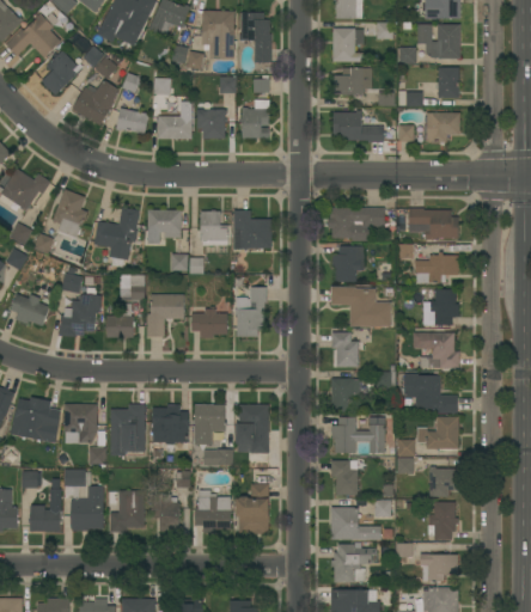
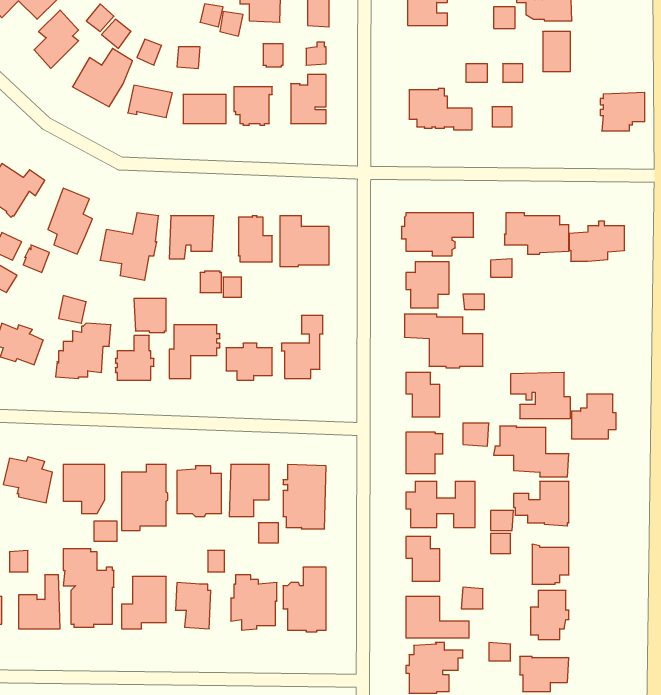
building: [332,68,372,96] -> none
building: [425,112,459,142] -> [600,92,645,131]
building: [415,252,458,283] -> [569,221,625,261]
building: [423,290,458,325] -> [571,394,616,439]

